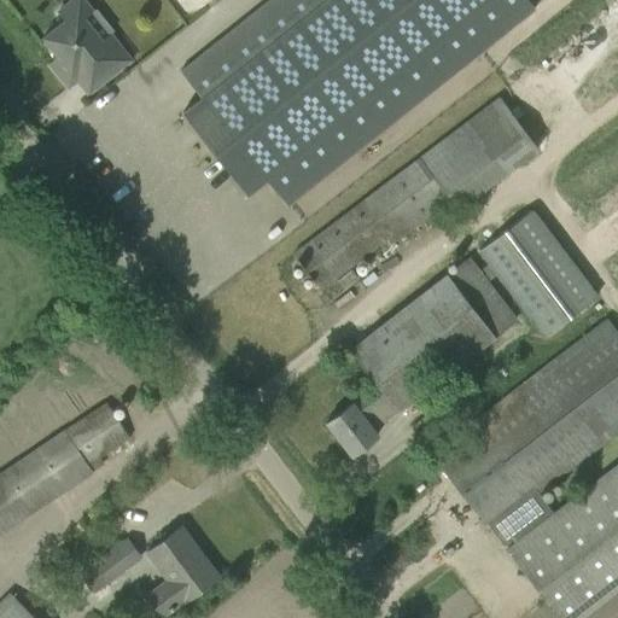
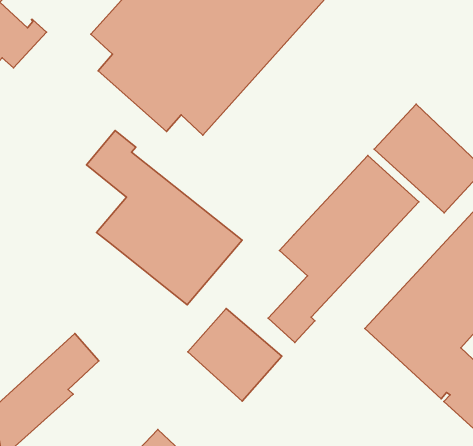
building: [296,99,540,288] -> none
building: none -> [86,131,242,305]
building: none -> [188,309,282,401]

